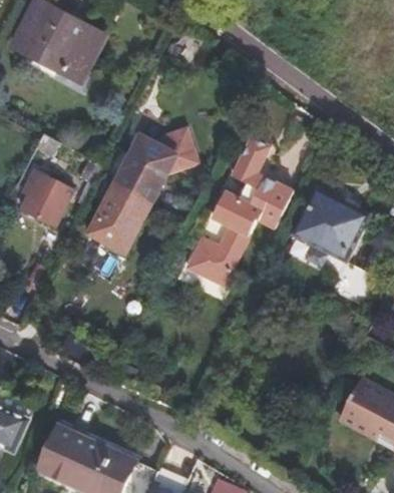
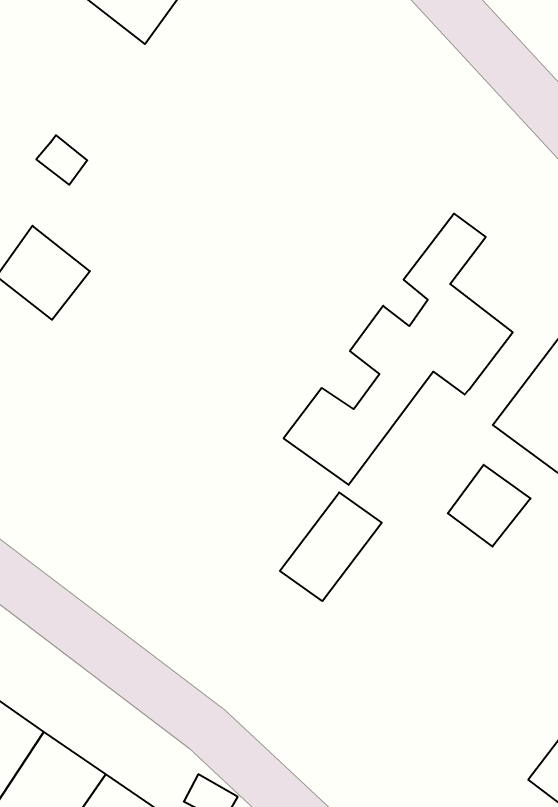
building: [89,130,198,255] -> none
building: none -> [448,465,531,547]
building: none -> [280,492,382,601]

